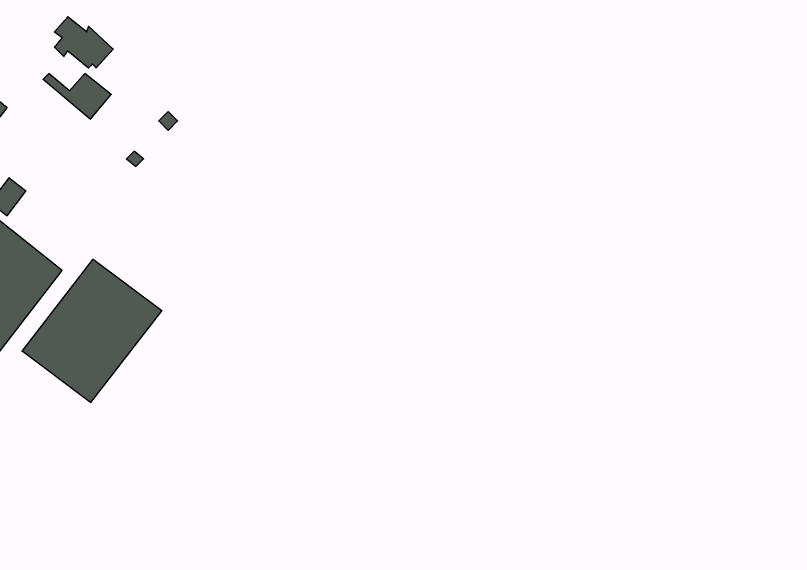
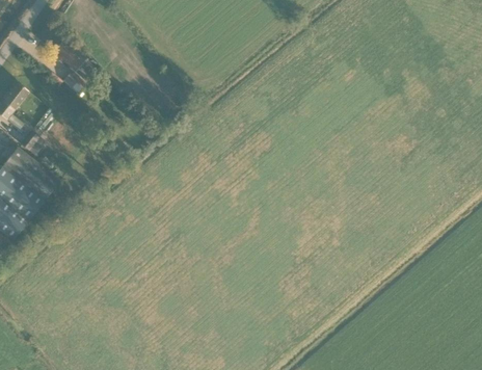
building: [22,259,162,402] -> none

